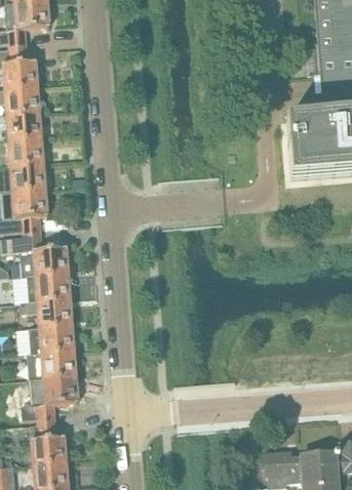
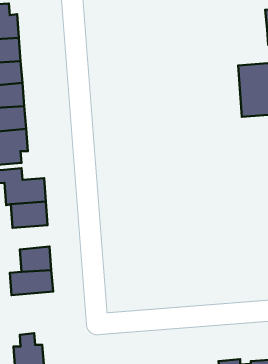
building: [21,299,71,327] -> none
building: [19,375,77,419] -> none

